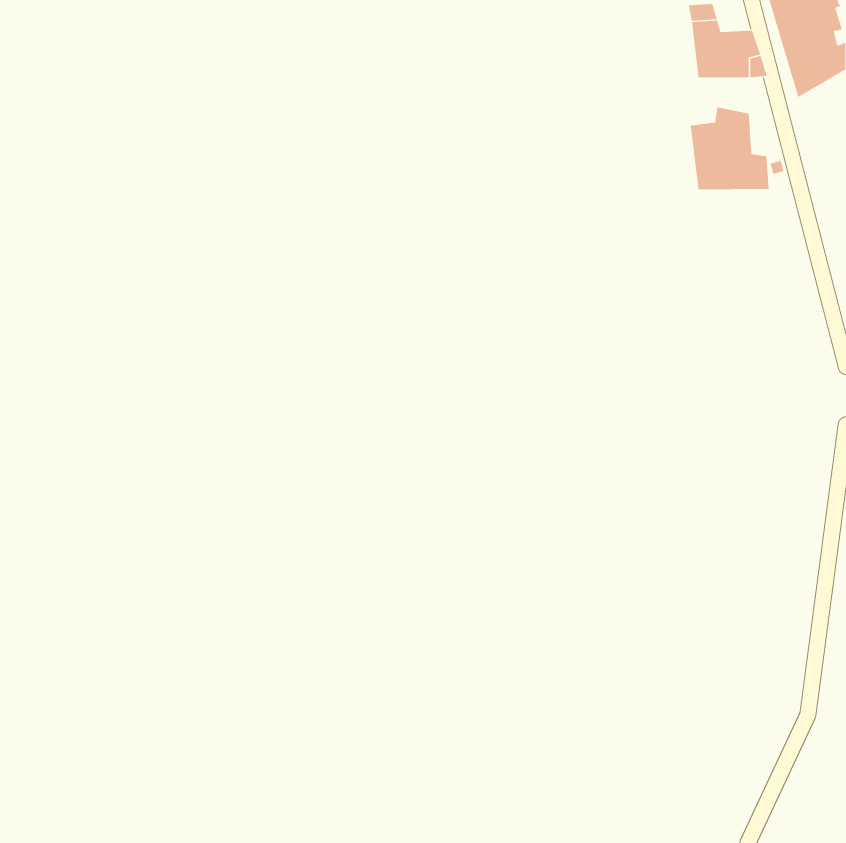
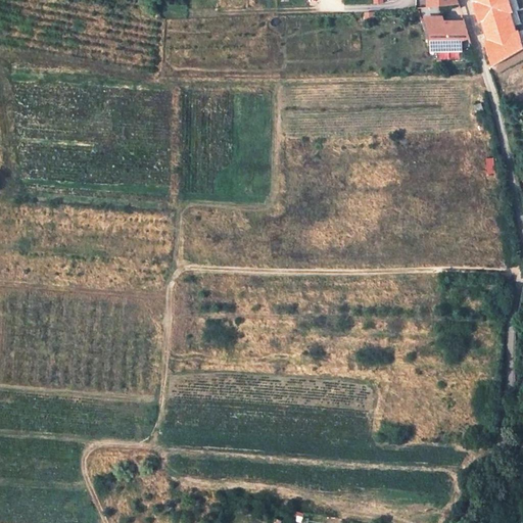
building: [690,107,769,190] -> none

